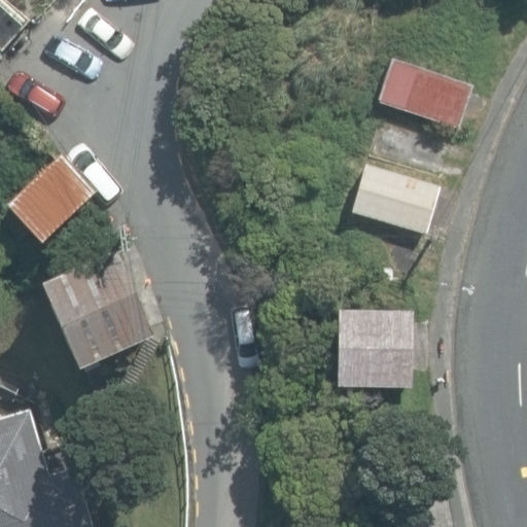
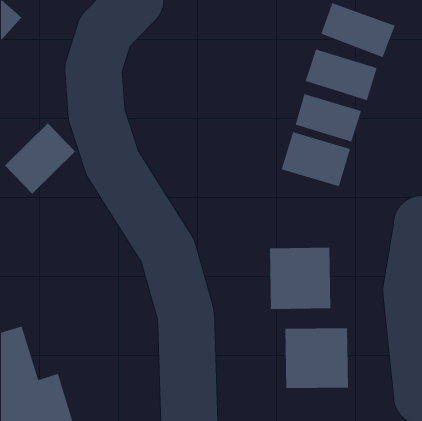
building: [39,251,151,370] -> none
building: none -> [285,327,348,389]

